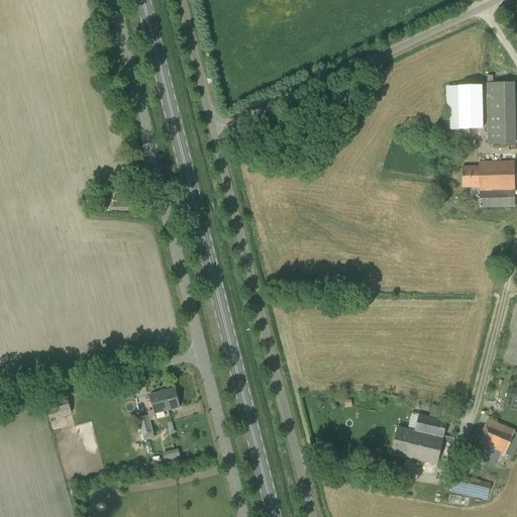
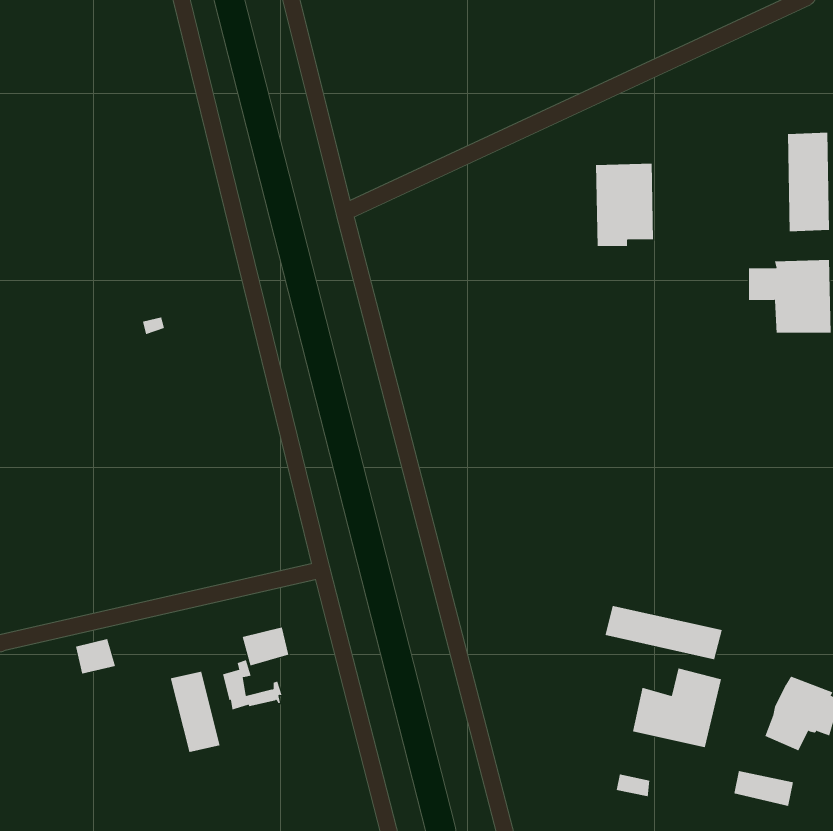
building: [449,83,486,134] -> [595,163,654,246]
building: none -> [605,605,722,660]
building: none -> [170,671,220,753]

